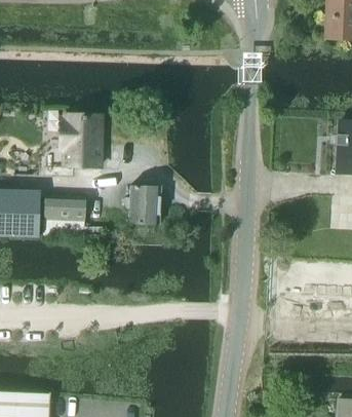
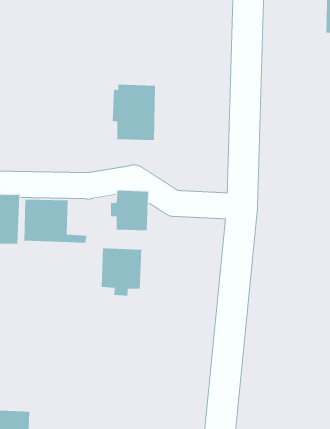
building: [60,114,101,166] -> [112,84,156,140]
building: none -> [101,247,142,297]

